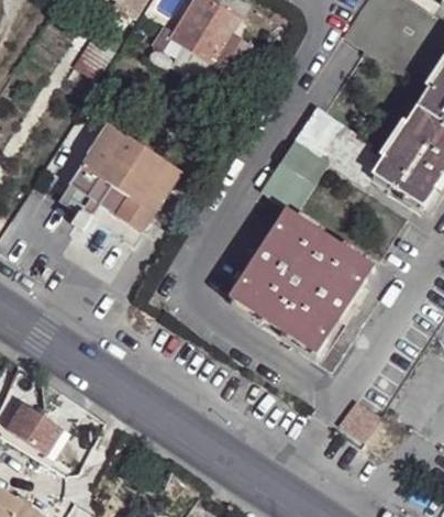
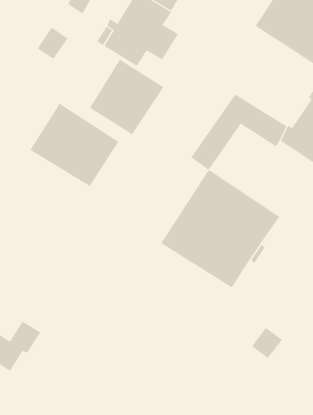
building: none -> [89,59,164,135]

